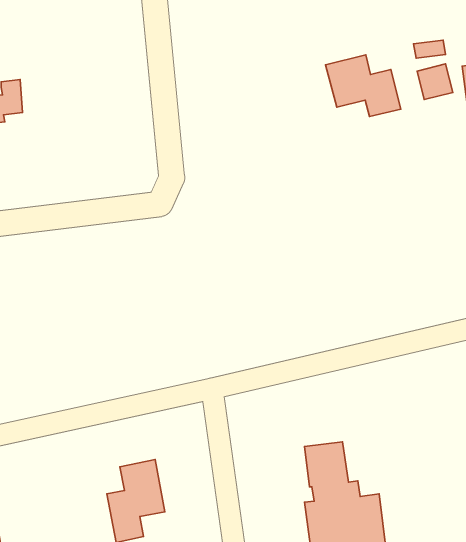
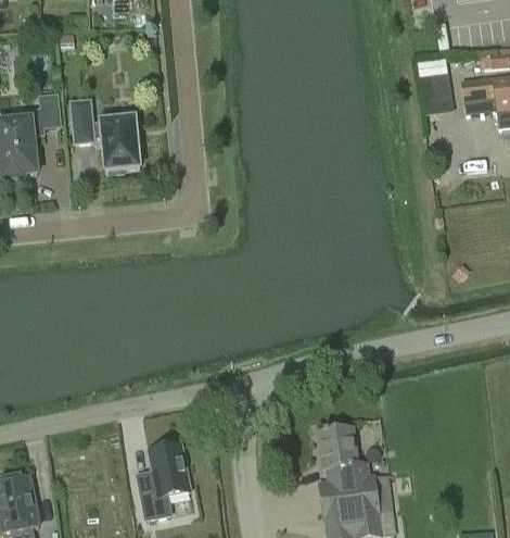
building: [326,55,401,117] -> none
building: none -> [71,100,140,173]

